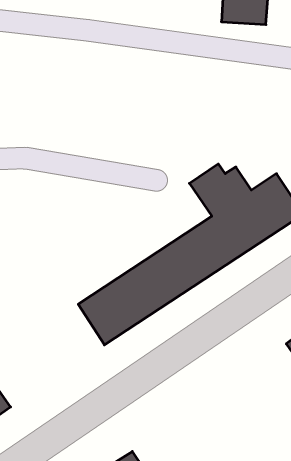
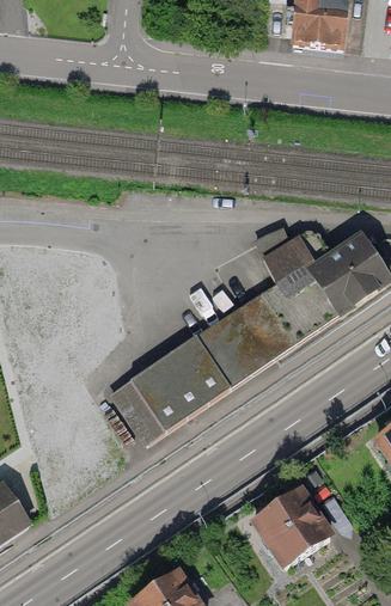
building: none -> [248,488,334,571]

